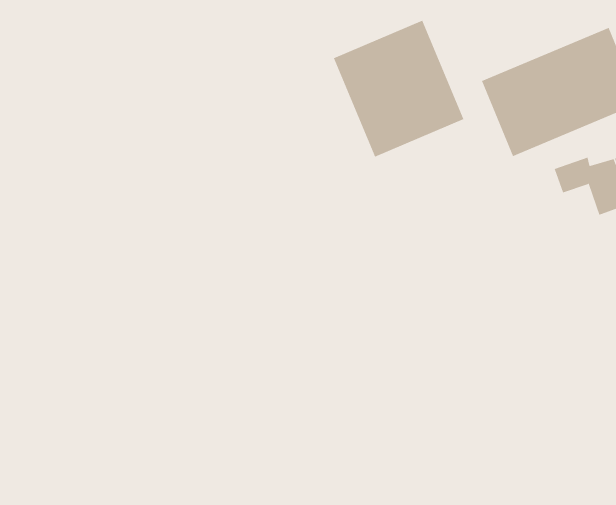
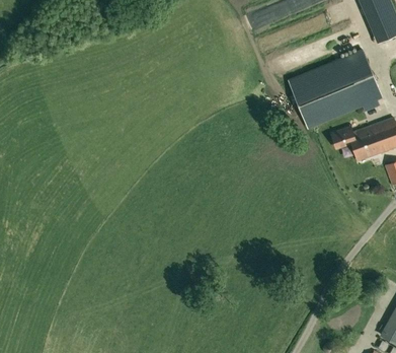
building: [333,20,464,157] -> none

